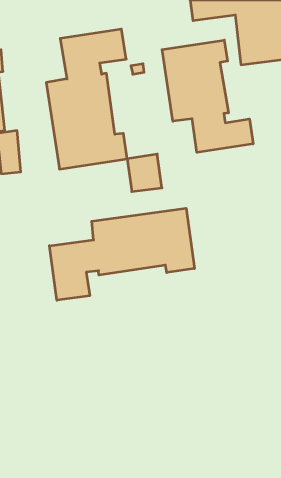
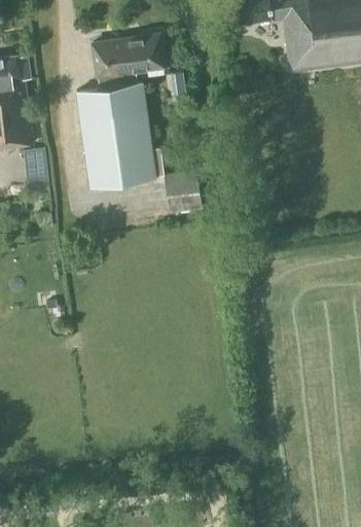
building: [162,40,253,152] -> none
building: [49,208,194,300] -> none

